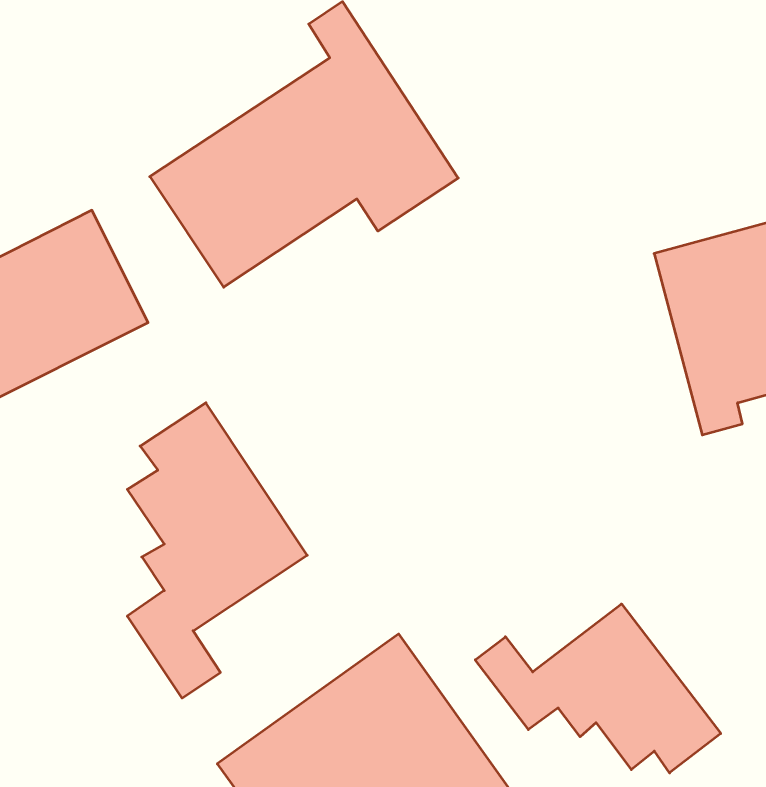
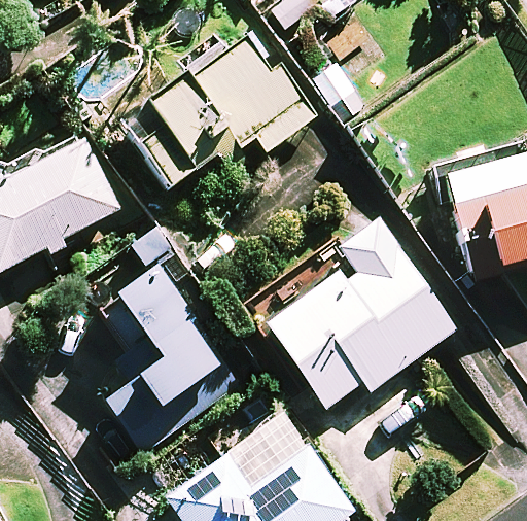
building: none -> [264,222,457,409]
building: [475,604,721,773] -> none

